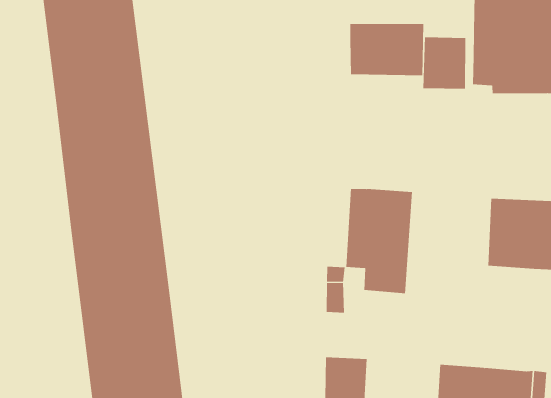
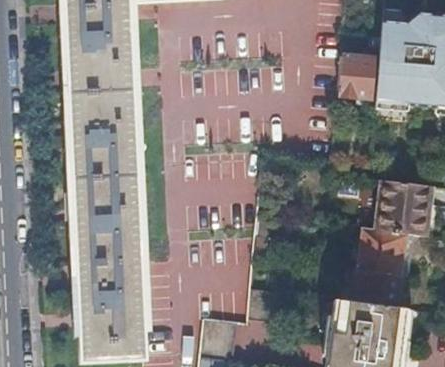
building: [350,23,424,76] -> none
building: [345,189,413,294] -> [355,229,409,310]

